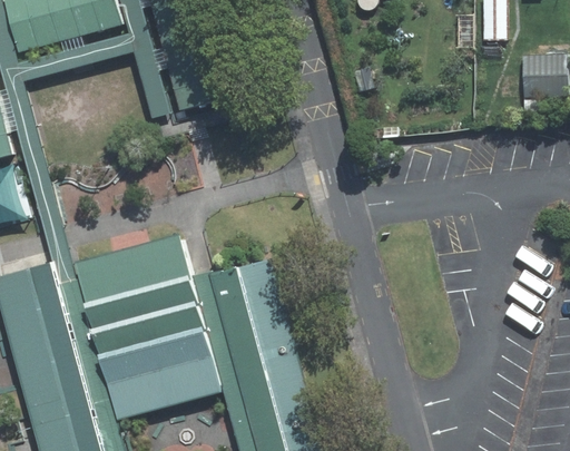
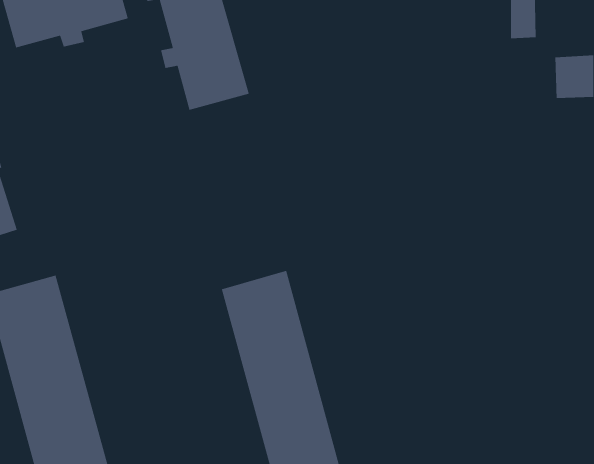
building: [71,235,217,420] -> none

